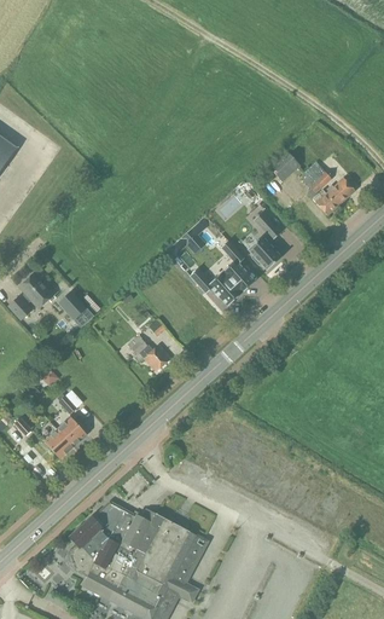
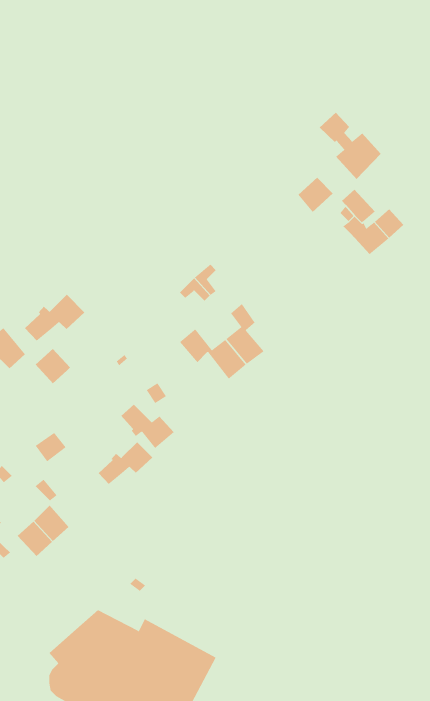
building: none -> [319,112,382,180]
building: [251,212,286,268] -> none
building: none -> [24,294,85,342]
building: none -> [98,441,153,485]

